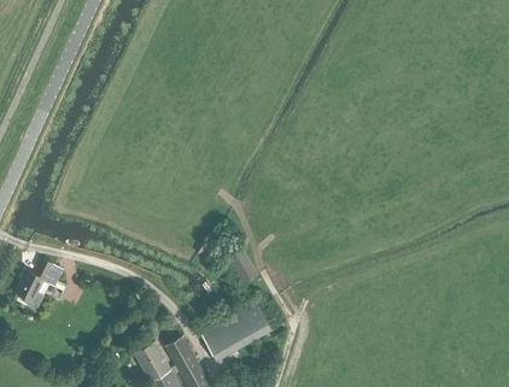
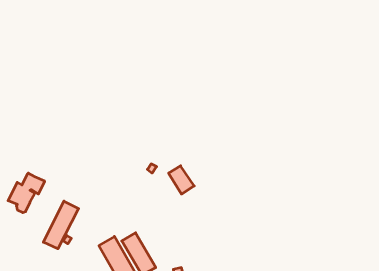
building: none -> [43,201,79,249]
building: [200,303,271,360] -> none

